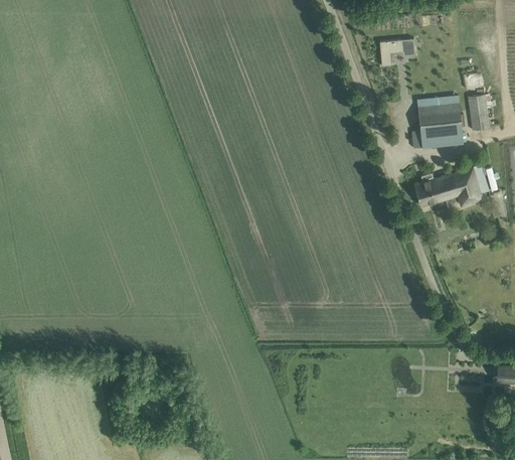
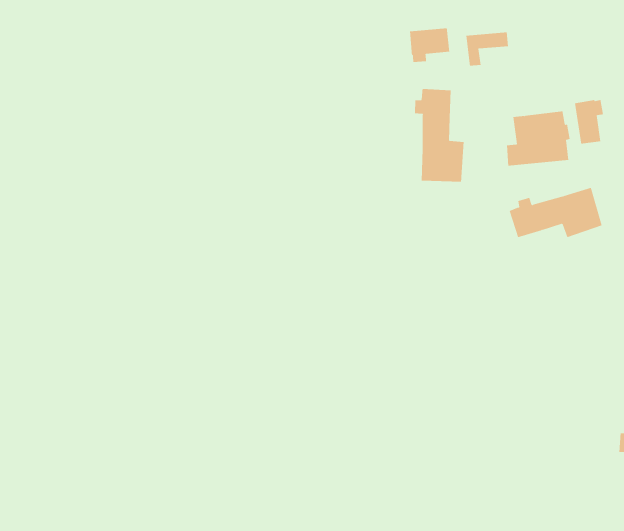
building: none -> [410,27,450,63]
building: none -> [414,88,464,183]

